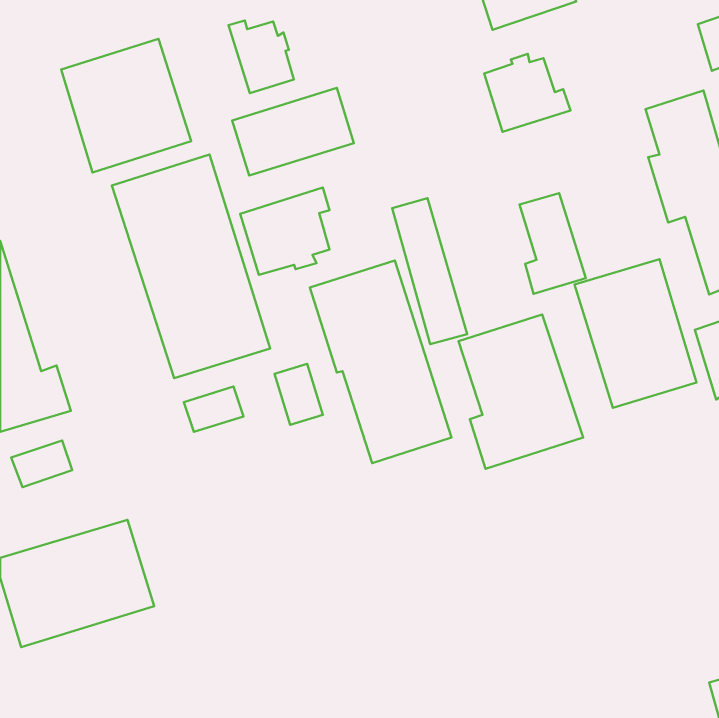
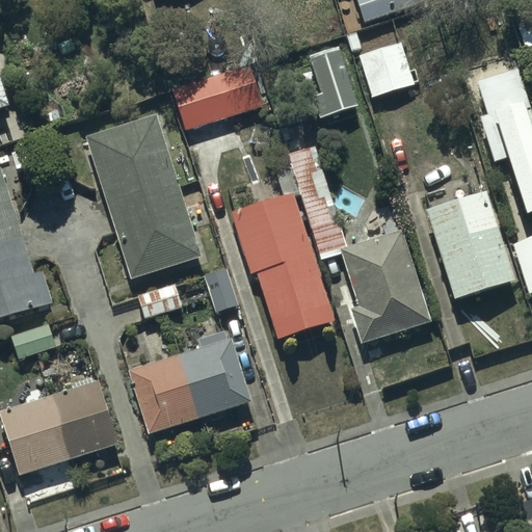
building: [228,21,294,93] -> none
building: [61,39,191,173] -> none
building: [240,188,330,275] -> none
building: [519,193,586,294] -> [309,44,357,117]
building: none -> [127,329,250,434]

